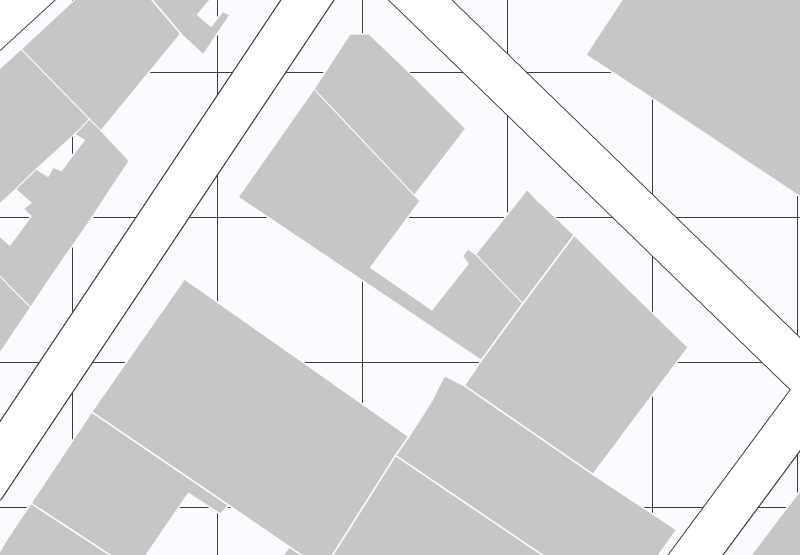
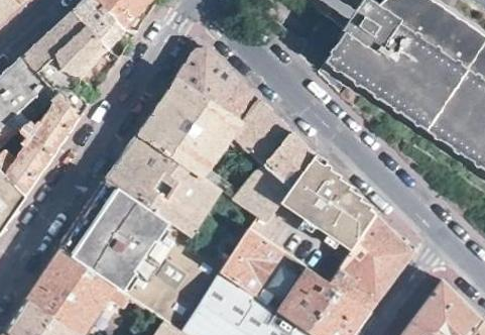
building: none -> [231,99,290,165]
building: none -> [109,135,266,262]
building: none -> [326,215,414,312]

